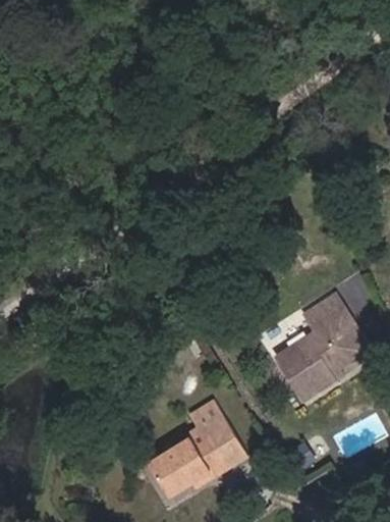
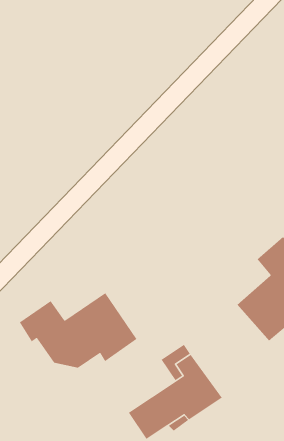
building: none -> [19,292,137,368]

